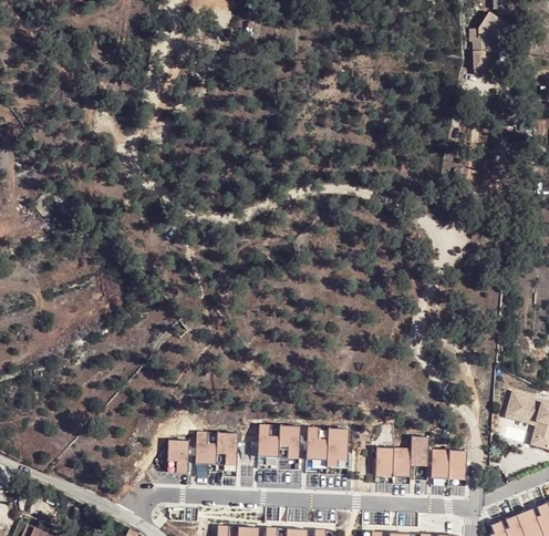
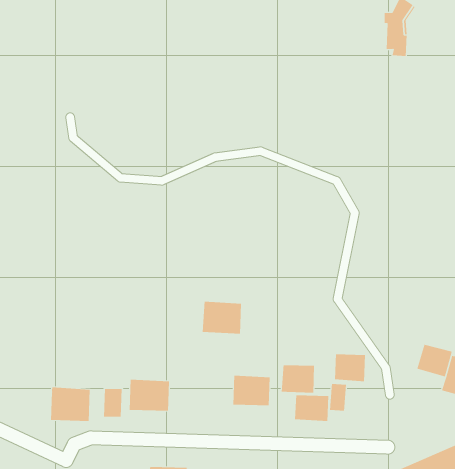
building: none -> [281,364,315,393]
building: [257,424,300,460] -> [202,301,242,334]
building: none -> [51,387,90,422]
building: [432,450,466,480] -> [334,354,366,382]

